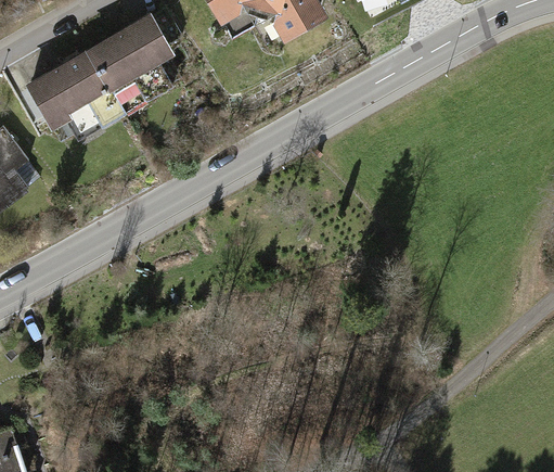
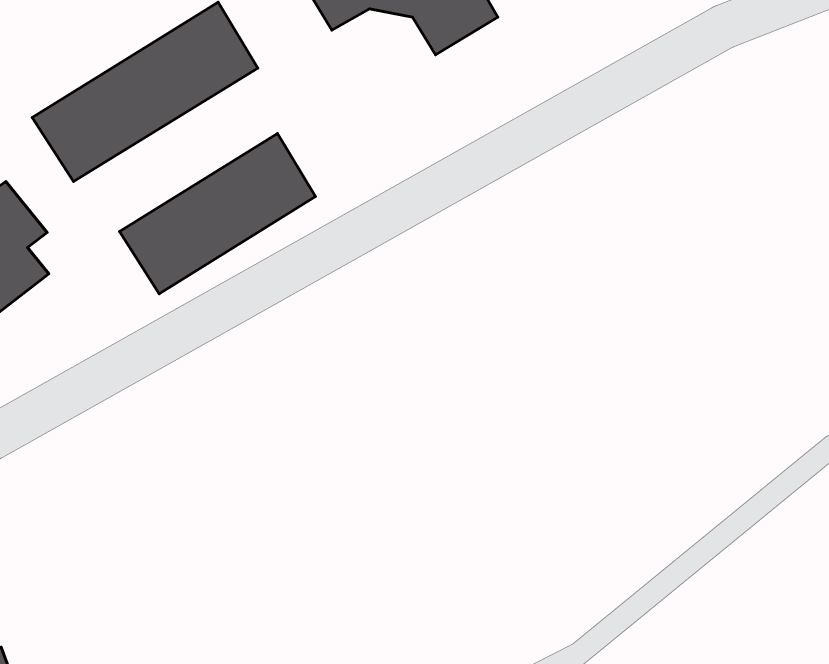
building: none -> [119,133,315,294]

